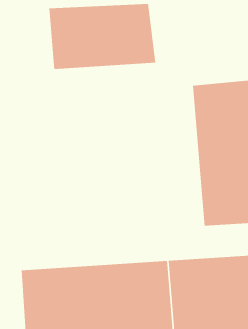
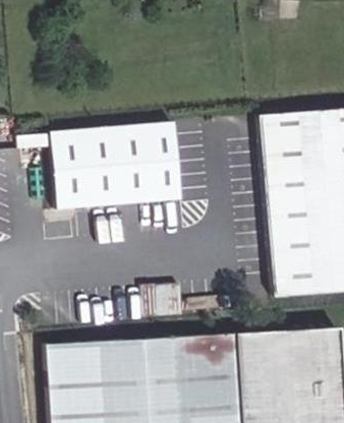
building: [48,3,156,70] -> [50,125,184,207]

